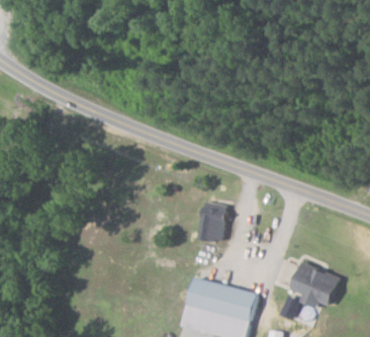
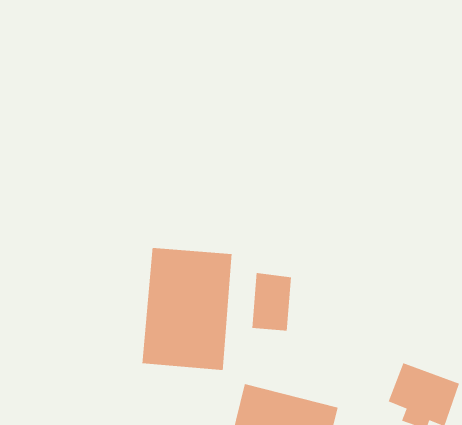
building: none -> [142,247,232,371]

